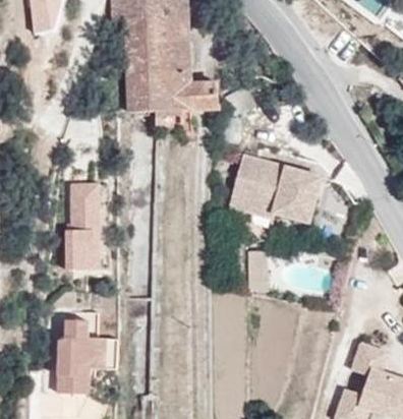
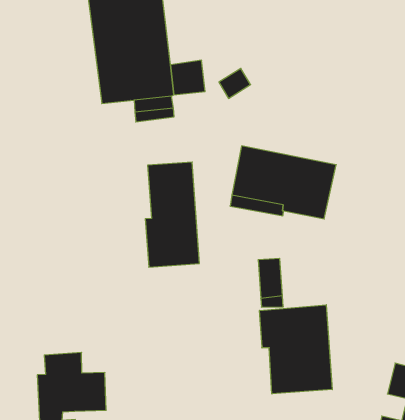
building: [64,184,107,270] -> [145,162,199,267]
building: none -> [260,305,332,394]

